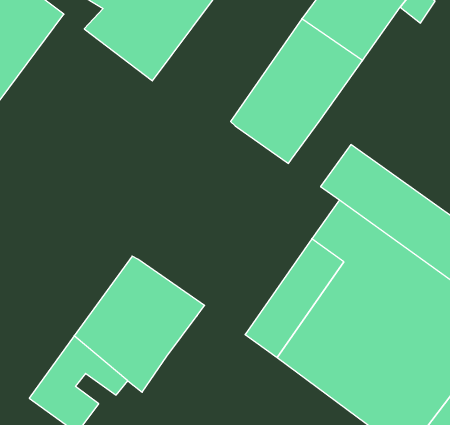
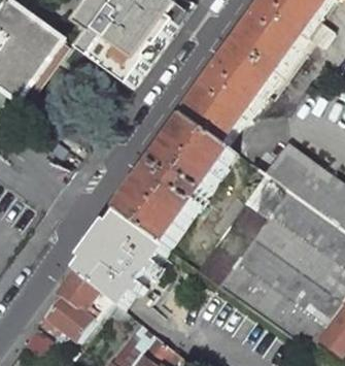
building: none -> [118,118,234,245]

